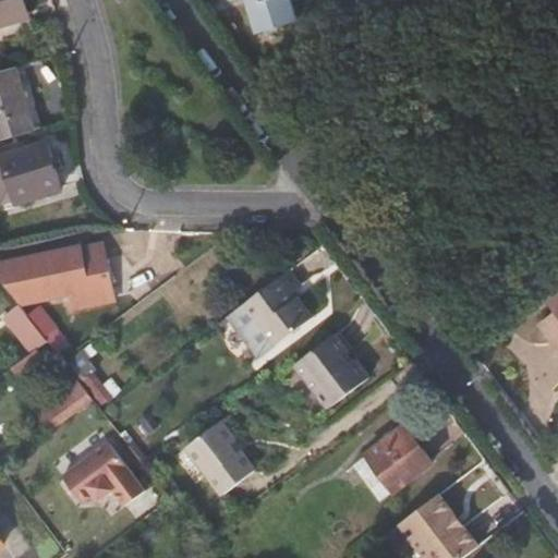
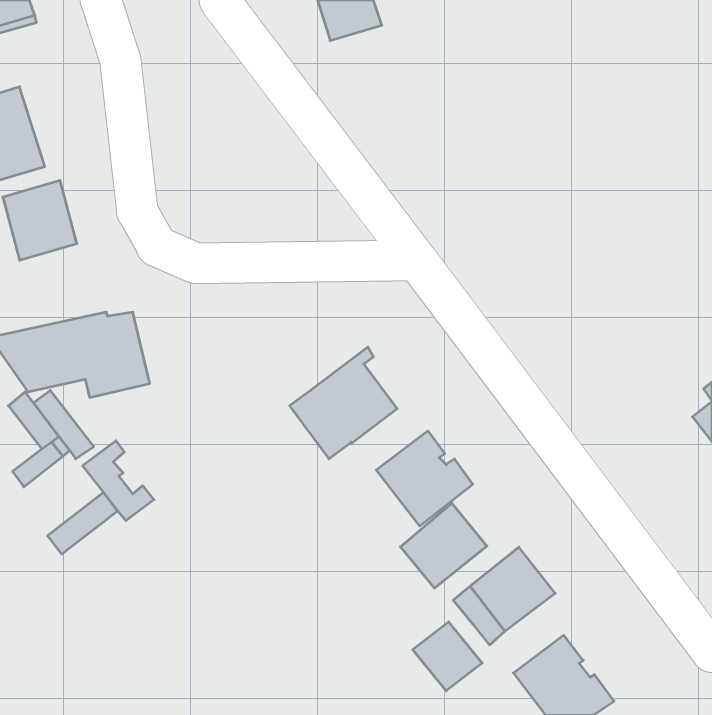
building: none -> [400,503,487,588]
building: [186,420,256,494] -> none
building: [60,441,143,505] -> none
building: none -> [413,622,482,691]

